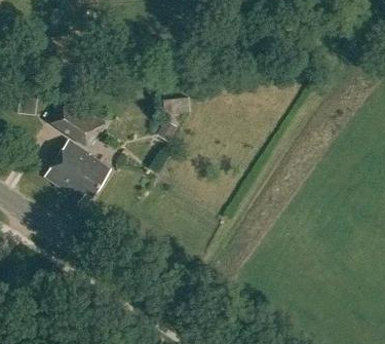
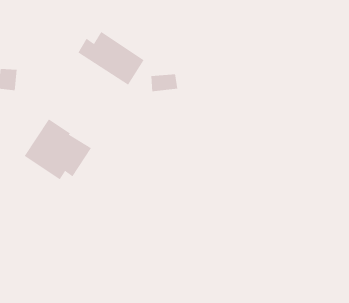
building: [39,93,104,146] -> [78,31,145,86]

